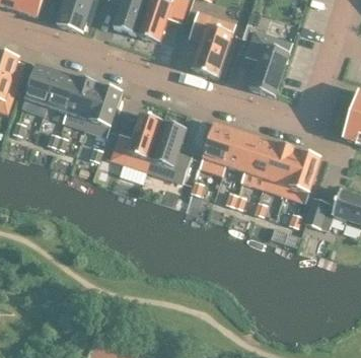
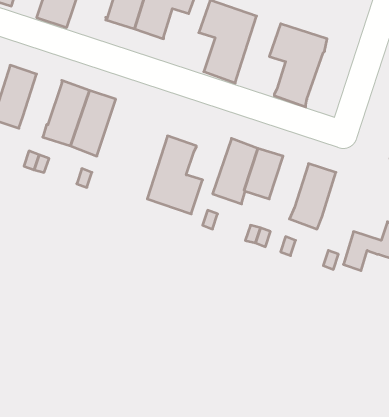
building: [47,70,78,111] -> none
building: [111,113,163,170] -> none
building: [245,136,277,177] -> none
building: [284,149,320,201] -> none

